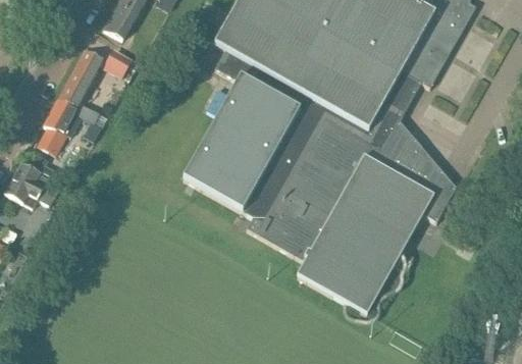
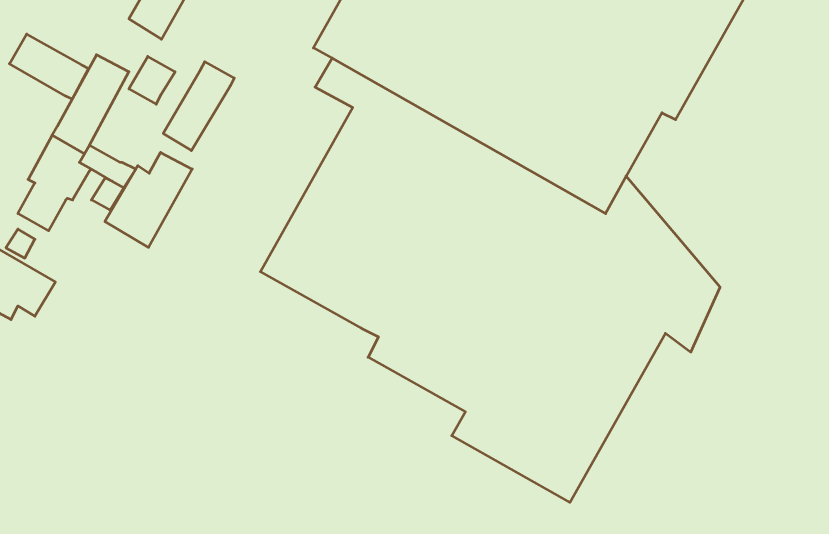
building: none -> [9,34,88,99]
building: none -> [163,62,234,151]
building: none -> [105,152,192,247]

